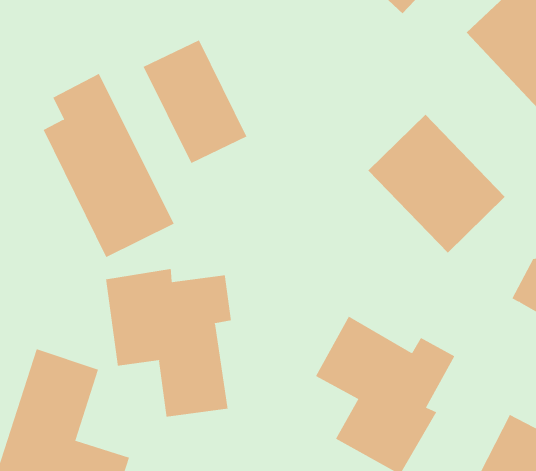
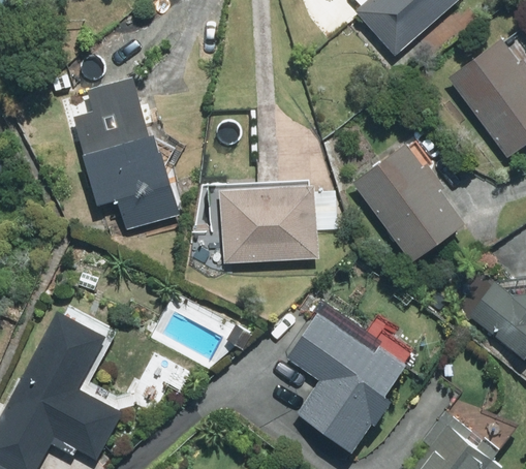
building: [143,39,247,164] -> none
building: none -> [220,185,318,263]
building: [105,268,232,417] -> none

